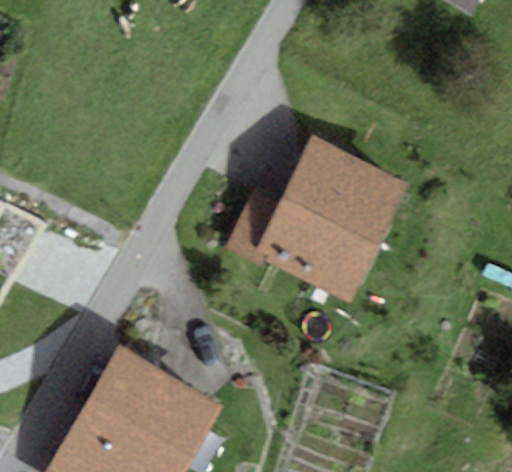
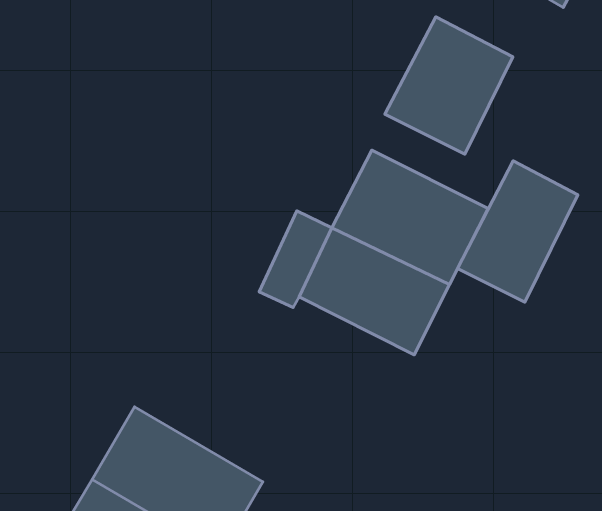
building: none -> [385,17,513,154]
building: none -> [458,161,578,302]

